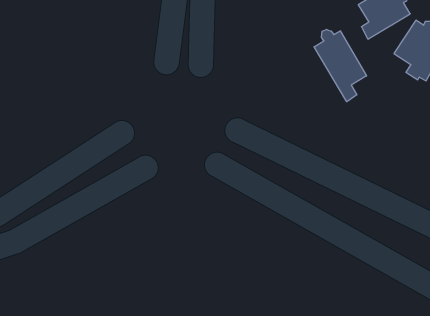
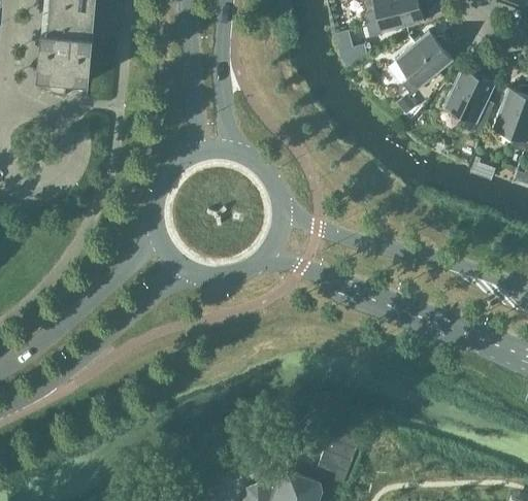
building: [314,29,367,102] -> none

